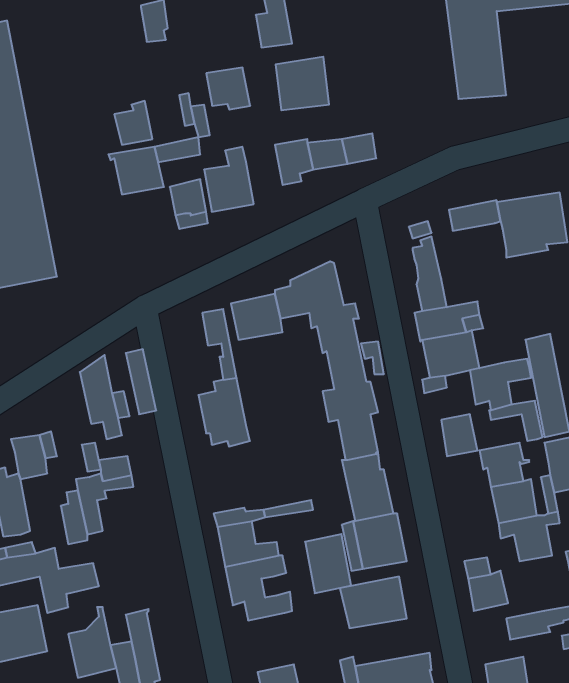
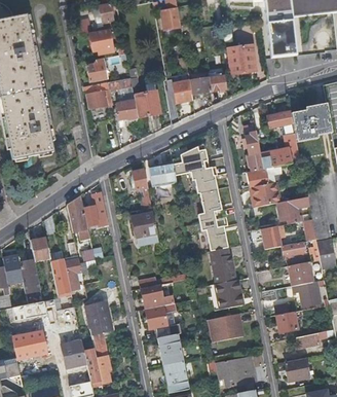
building: [276,57,329,110] -> [227,44,256,73]
building: [206,68,250,110] -> [89,30,113,52]
building: none -> [261,138,300,169]
building: [305,534,351,593] -> [157,333,182,365]
building: none -> [84,300,111,334]

